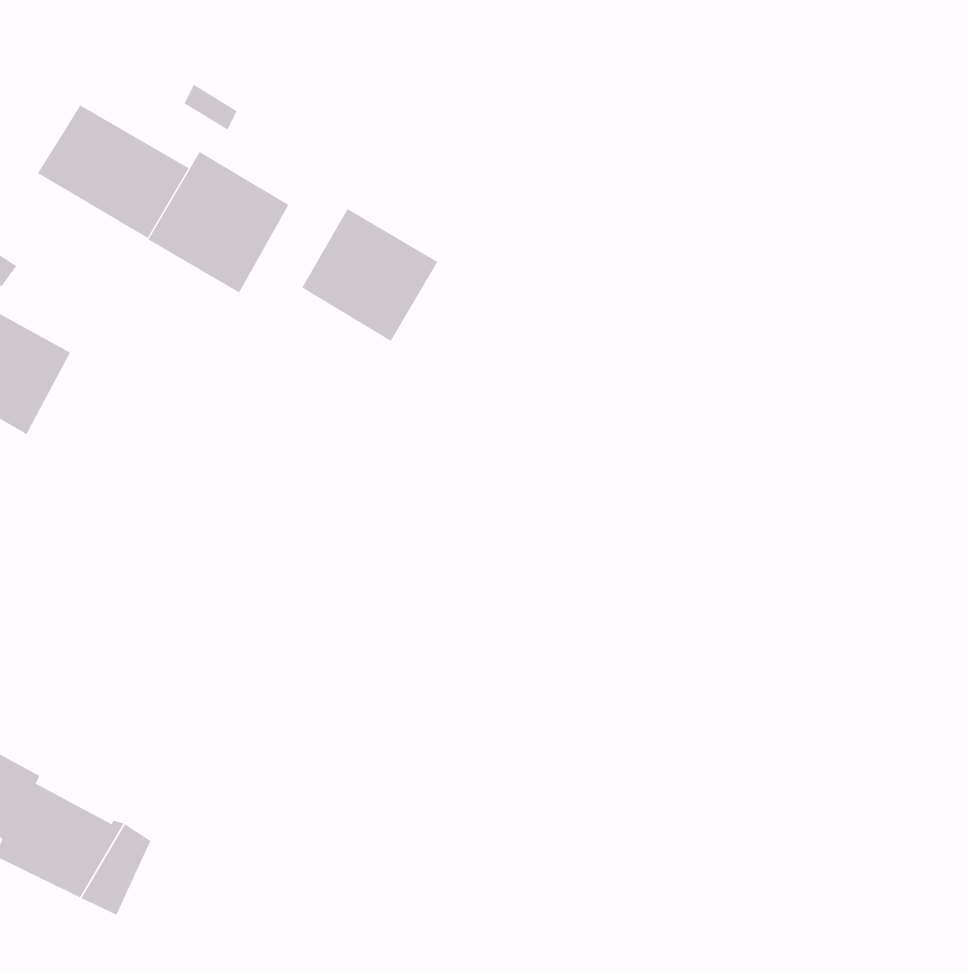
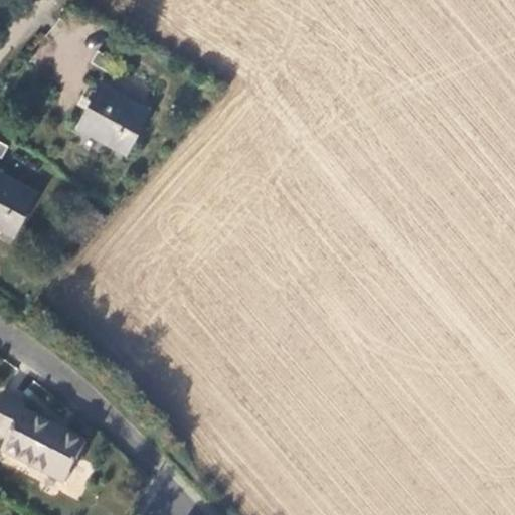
building: [37,104,189,239] -> none
building: [302,208,438,342] -> none

